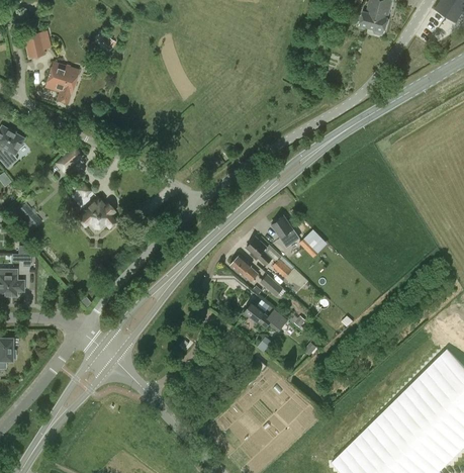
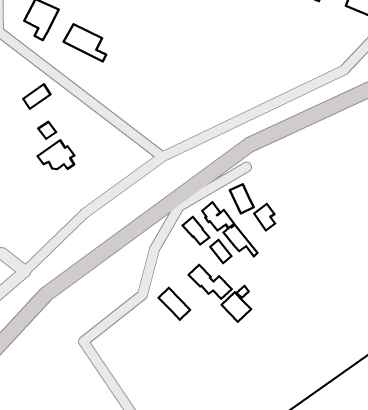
building: none -> [63,24,106,61]
building: none -> [221,292,251,322]
building: none -> [159,288,190,320]

